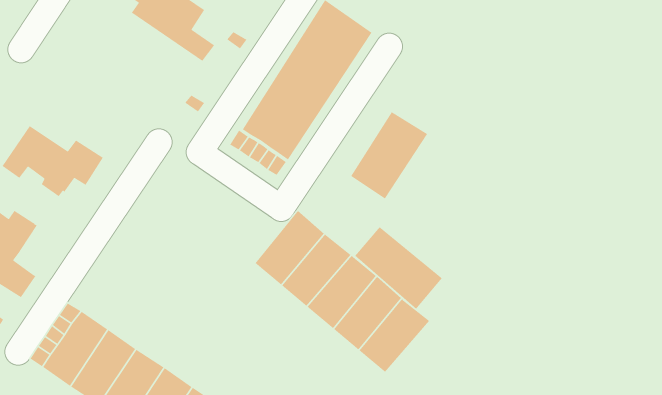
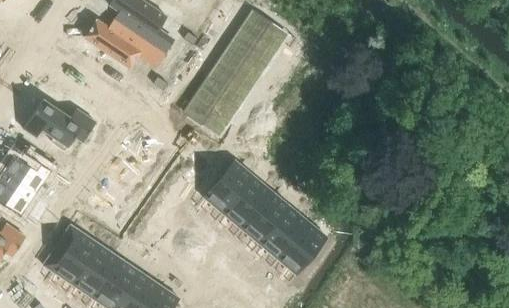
building: none -> [85,18,166,67]
building: [350,111,428,199] -> none
building: [354,226,443,310] -> none

